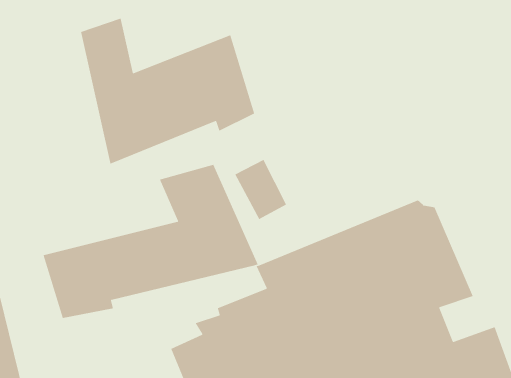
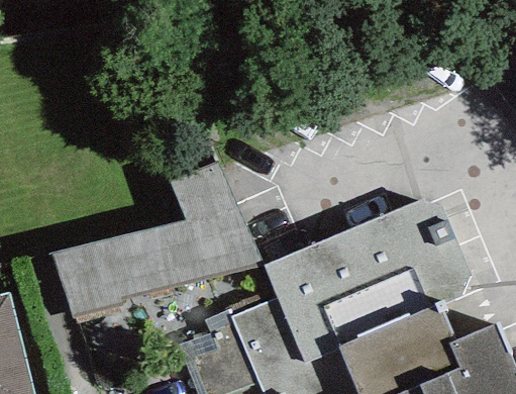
building: [80,17,255,165] -> none

